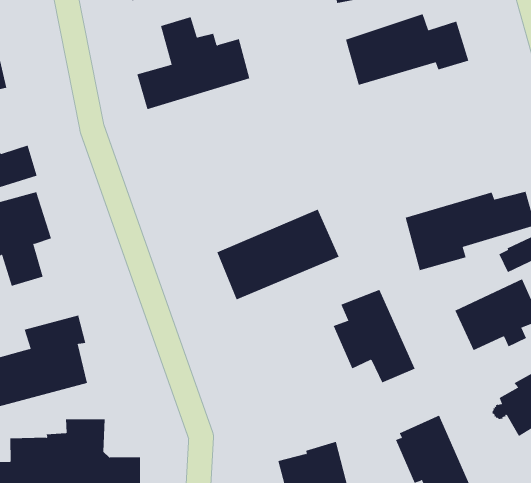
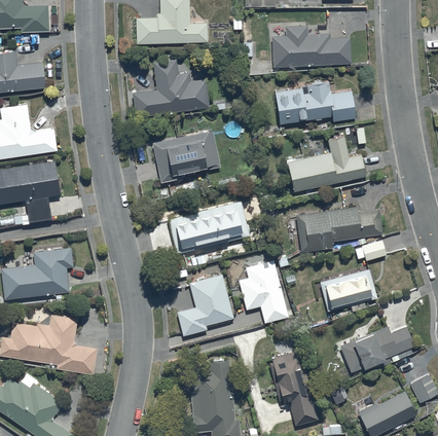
building: none -> [288,136,367,190]
building: none -> [153,130,221,182]
building: none -> [177,275,234,336]

